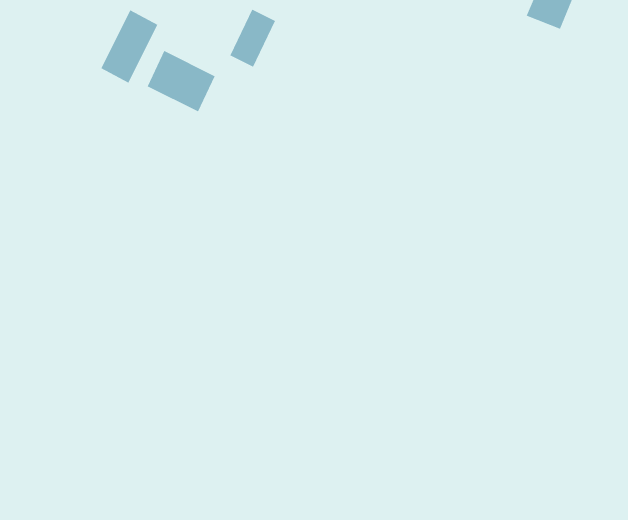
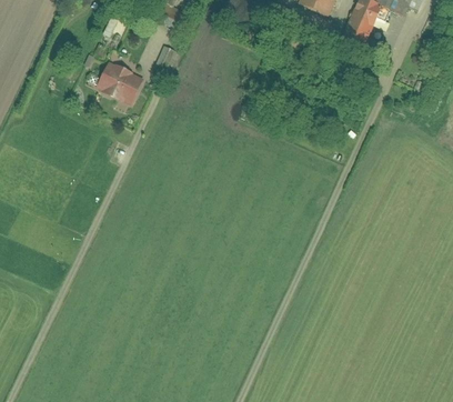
building: [101,10,158,84] -> none

